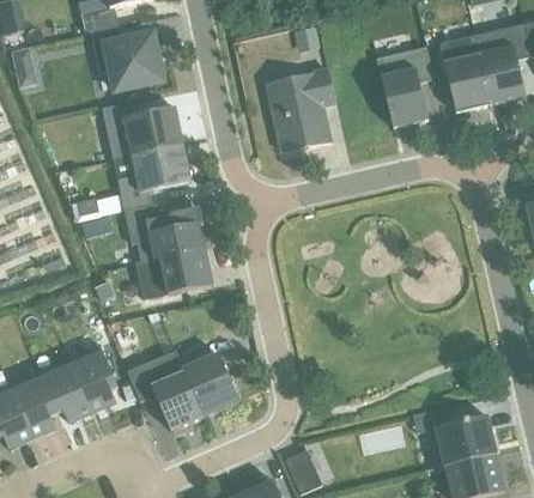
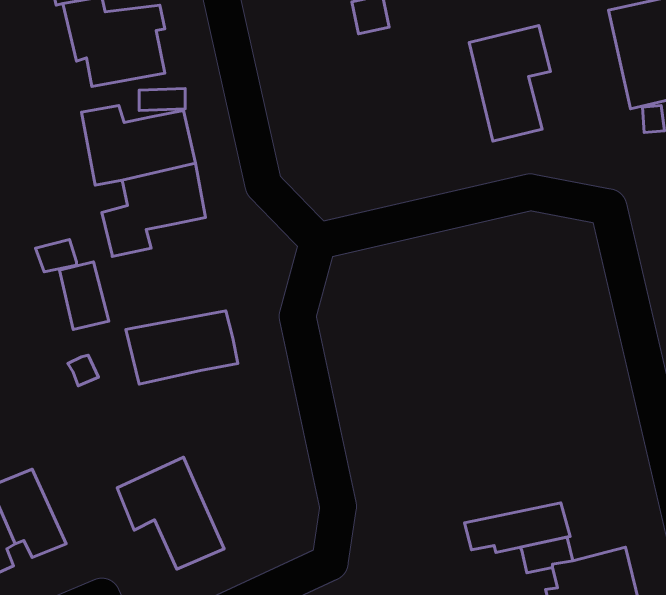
building: [441,36,491,111] -> none
building: [268,69,336,153] -> none
building: [126,204,206,260] -> none
building: [69,345,119,412] -> none
building: [183,356,239,415] -> none
building: none -> [464,503,570,552]

